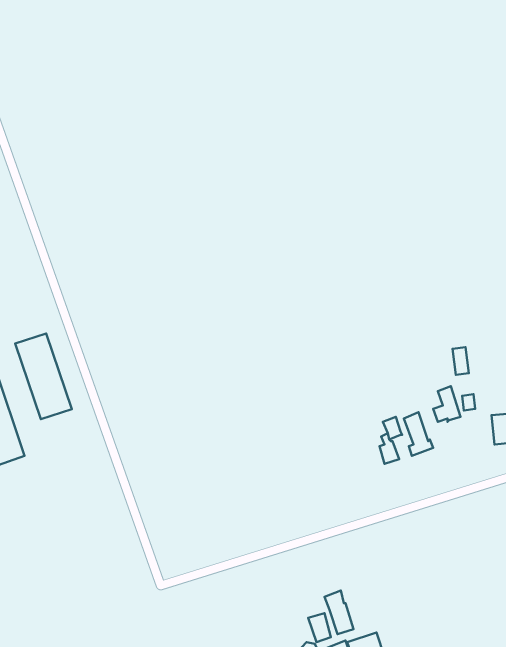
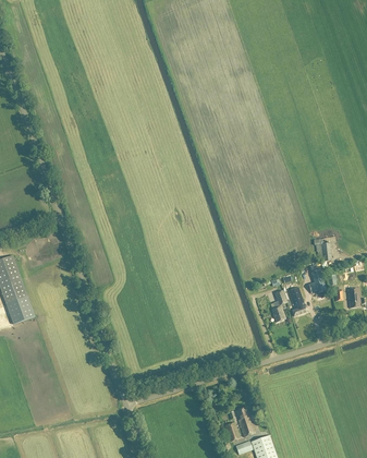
building: [15,333,72,419] -> none

